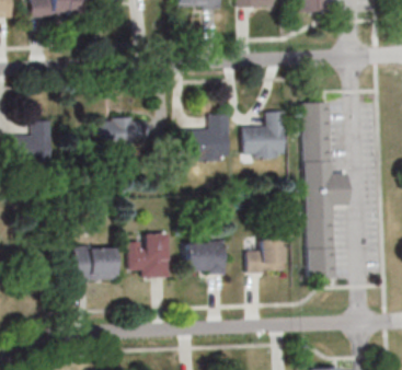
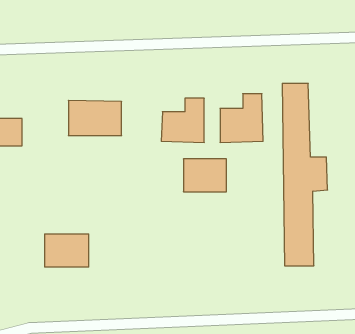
building: [129,232,171,277] -> none
building: [248,239,284,271] -> none
building: [185,241,227,273] -> [183,159,226,192]

